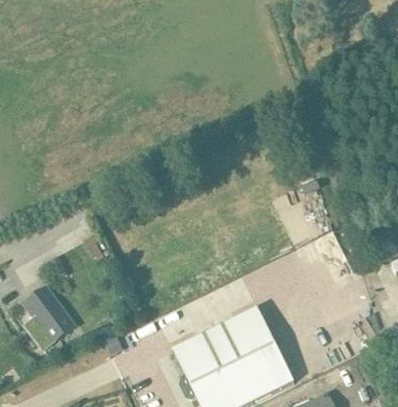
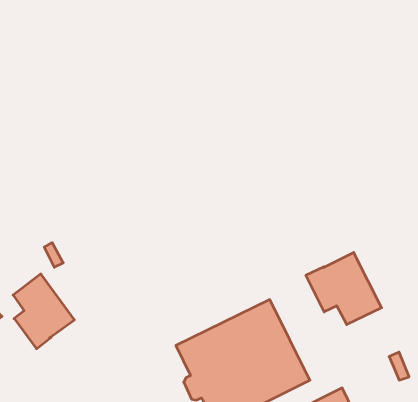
building: none -> [306,252,382,325]

